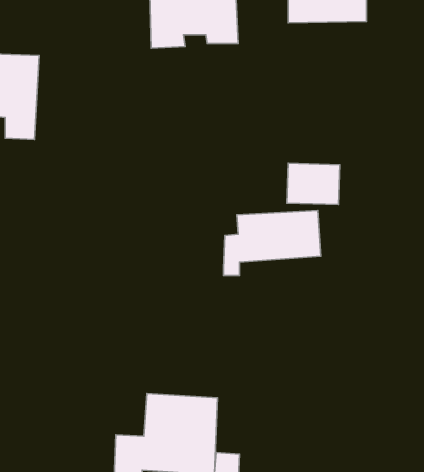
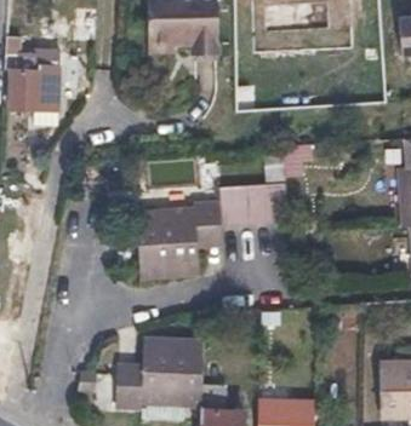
building: none -> [145,201,210,269]

